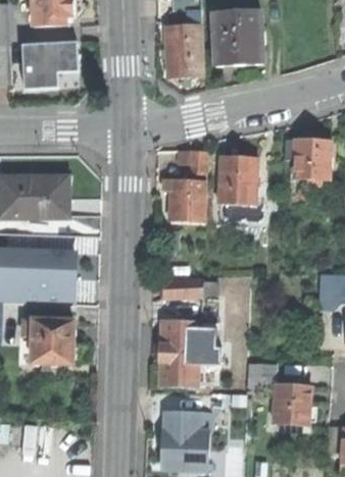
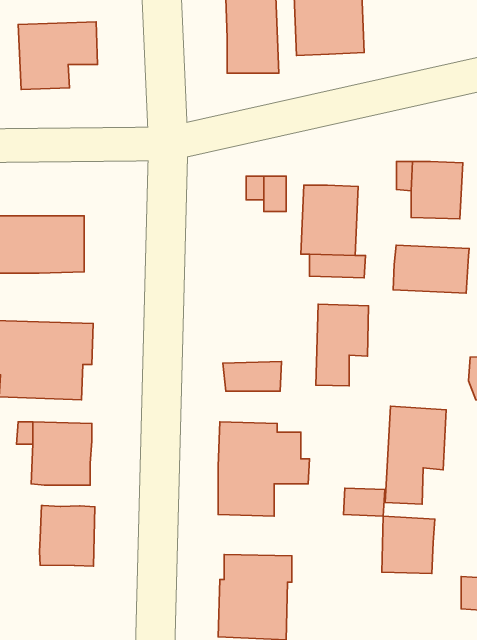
building: [162,178,205,220] -> none
building: none -> [393,245,469,293]
building: none -> [316,304,369,386]
building: none -> [385,406,446,504]
building: none -> [39,505,95,566]

